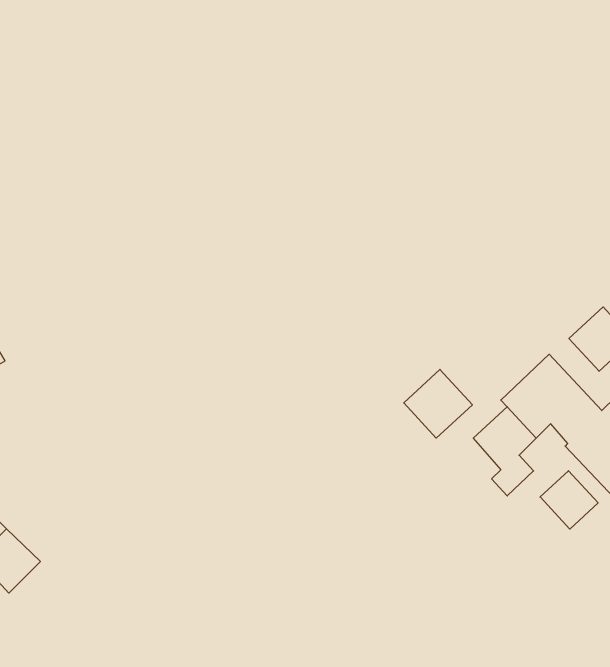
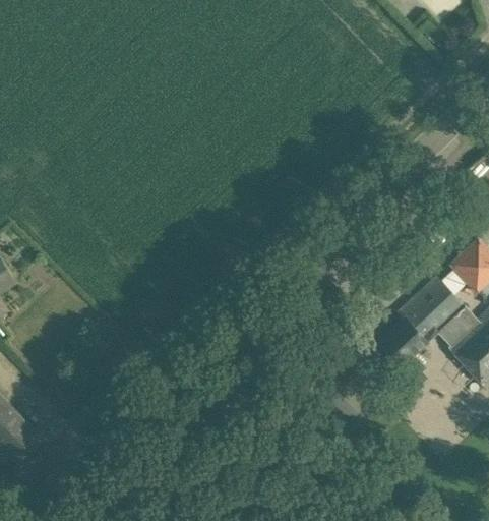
building: [404,369,472,438] -> none
building: [540,471,598,529] -> none

